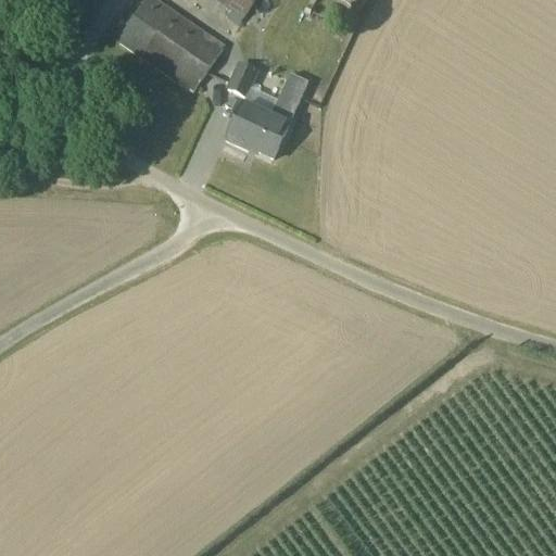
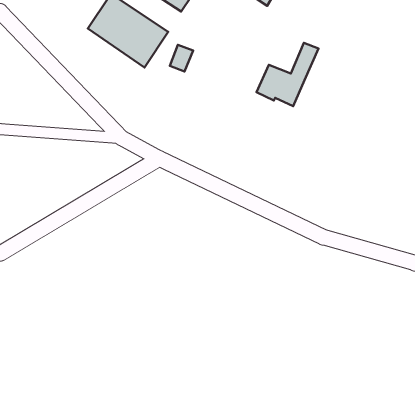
building: [225,72,307,156] -> [257,43,318,106]

